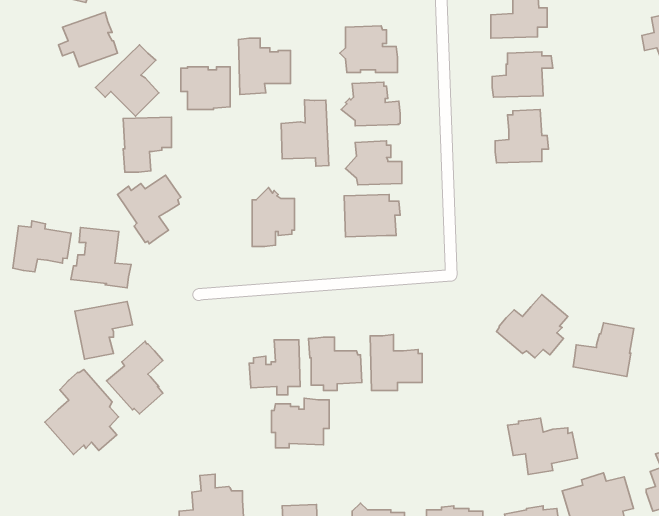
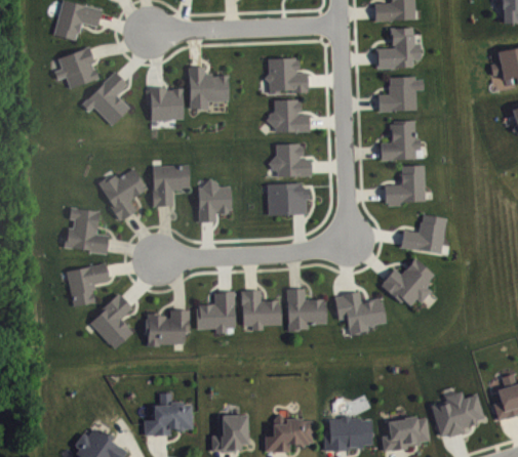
building: [281,100,329,166] -> none
building: [123,117,171,172] -> [153,165,189,206]
building: none -> [385,165,425,206]
building: [13,221,71,272] -> none
building: [573,323,634,376] -> [401,214,446,254]
building: [45,370,118,454] -> none
building: [271,398,329,448] -> [146,309,189,346]
building: [508,418,578,475] -> [334,292,387,334]

